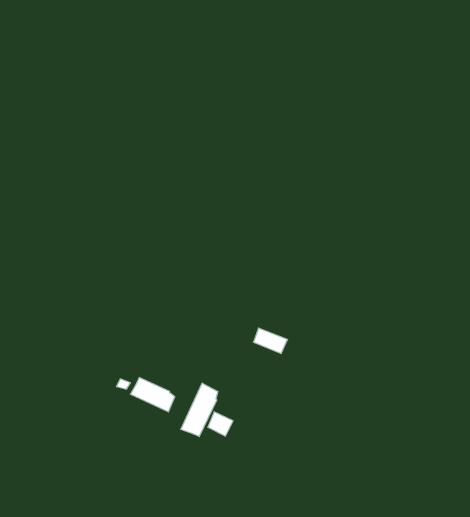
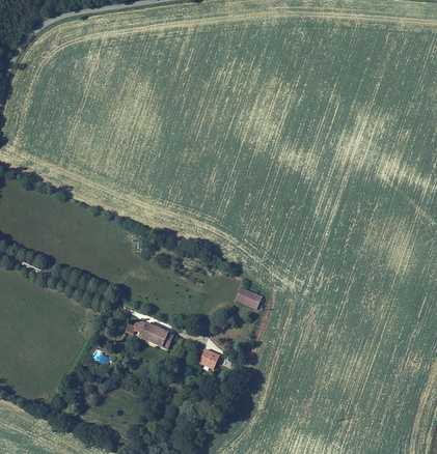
building: [181,383,218,437] -> none

